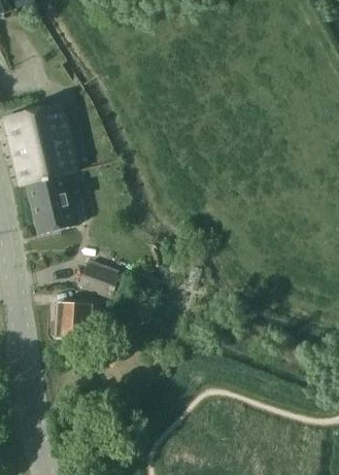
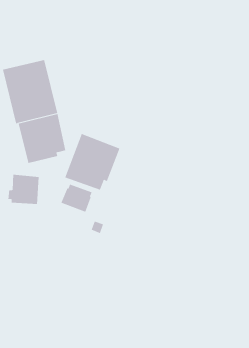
building: none -> [64,133,120,191]
building: [48,300,89,338] -> [8,174,40,205]

